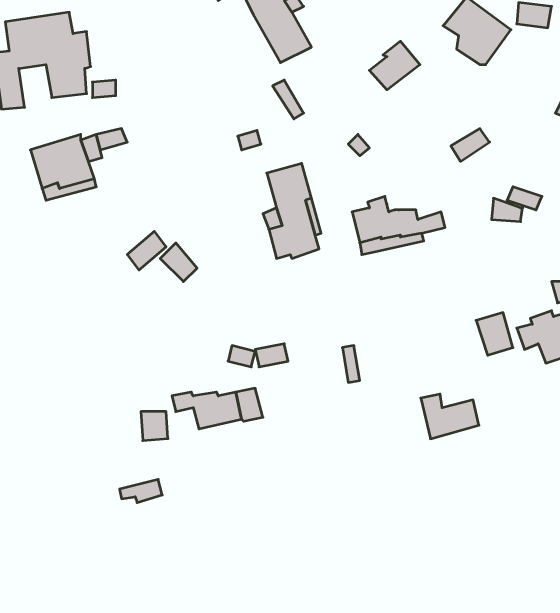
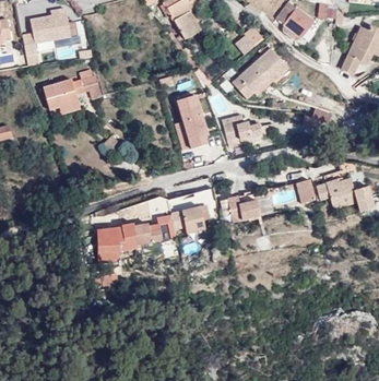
building: none -> [234,44,289,96]
building: none -> [183,206,211,233]
building: [421,394,479,439] -> [229,195,262,221]

